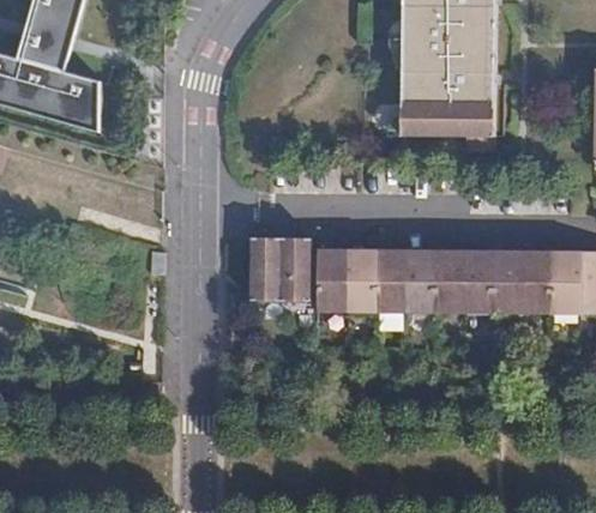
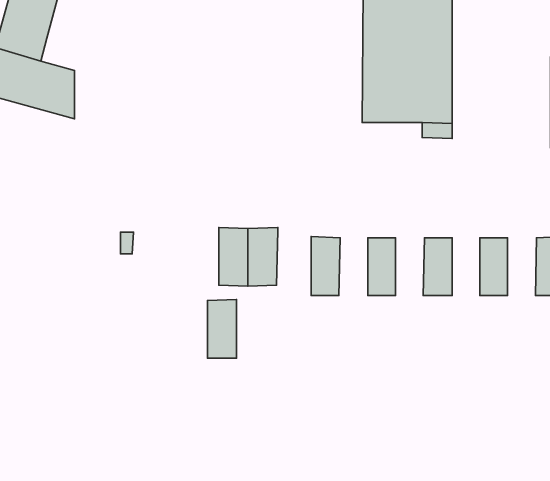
building: [317,252,347,313] -> [208,299,237,358]
building: [375,253,405,313] -> none
building: [434,253,464,313] -> none
building: [493,253,522,313] -> none
building: [550,253,580,313] -> none

